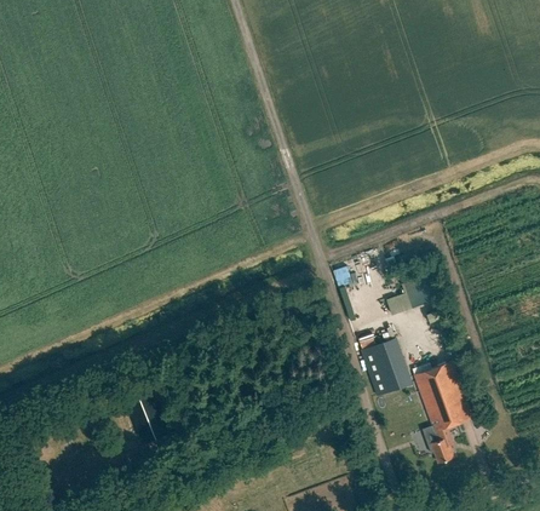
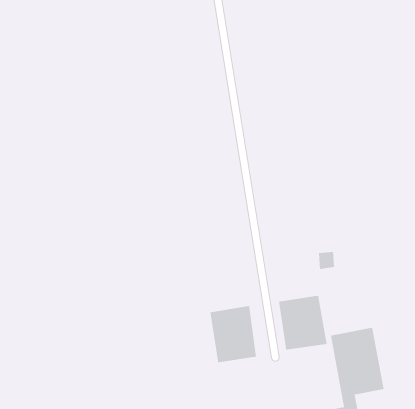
building: none -> [210,305,256,363]

